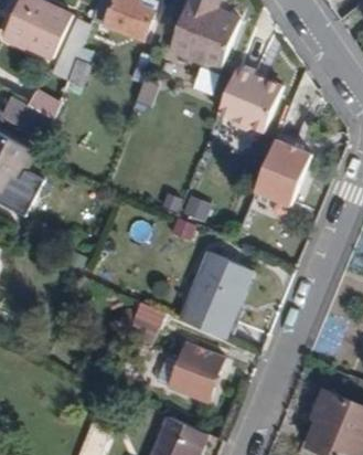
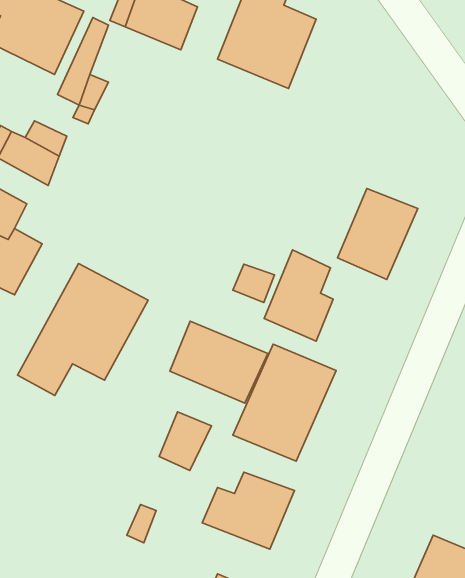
building: [217,66,284,133] -> none
building: none -> [264,250,333,341]
building: none -> [17,263,148,395]
building: none -> [170,321,268,403]

